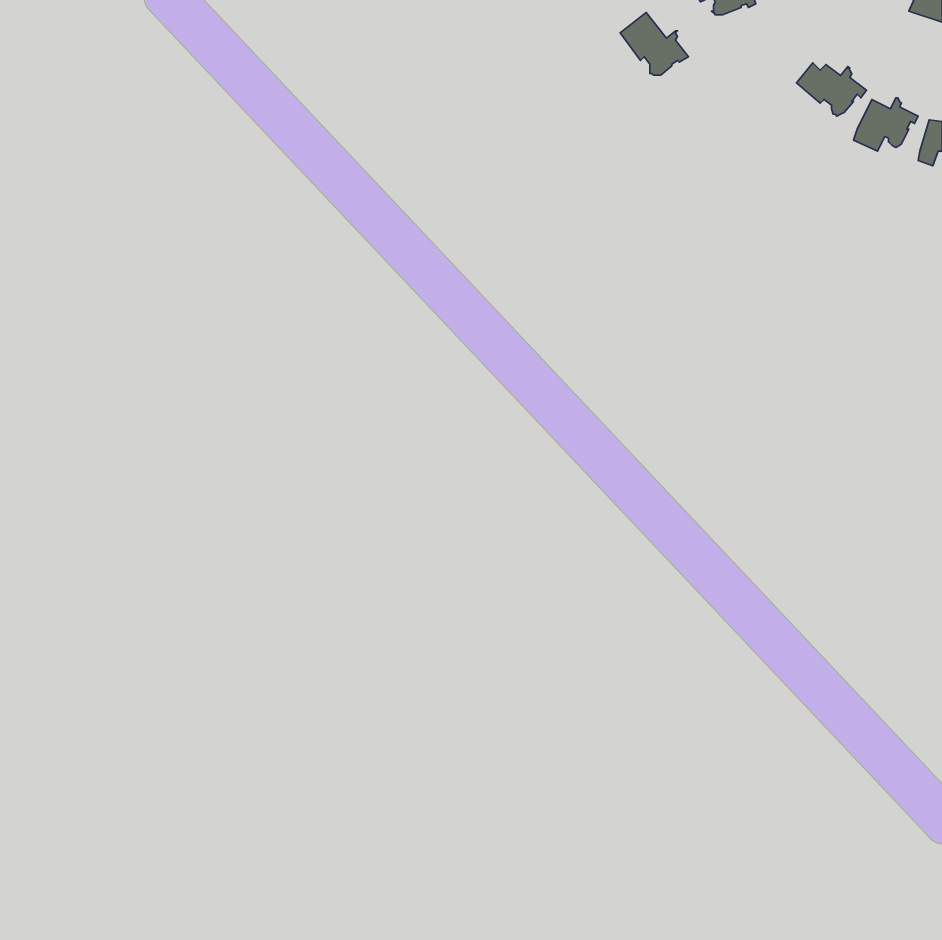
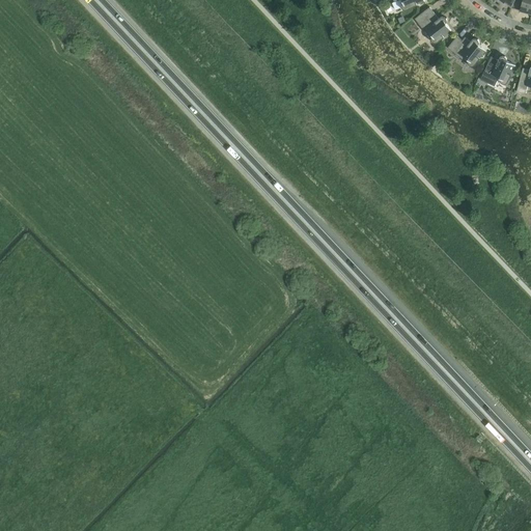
building: [620,13,689,75] -> [415,6,453,41]

